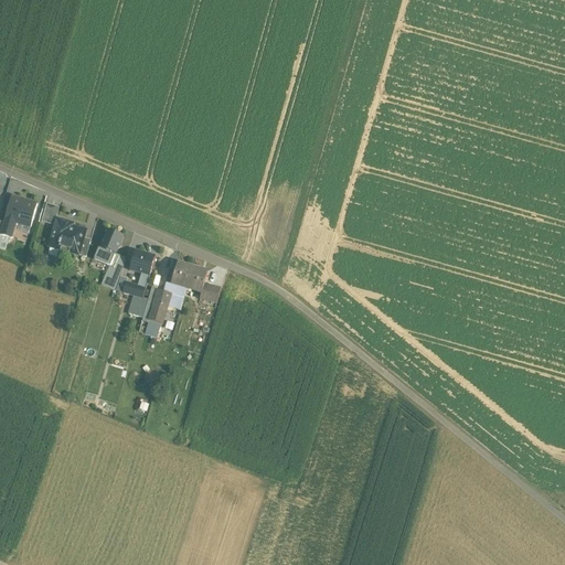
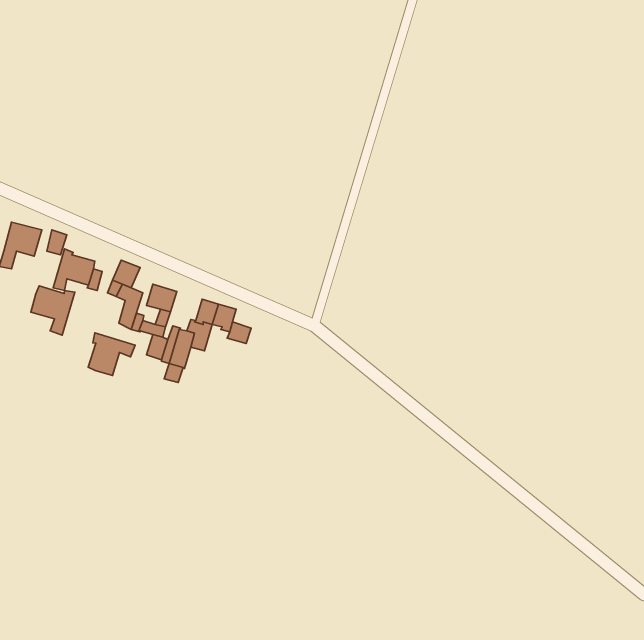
building: none -> [31,286,75,335]
building: none -> [88,333,135,376]

